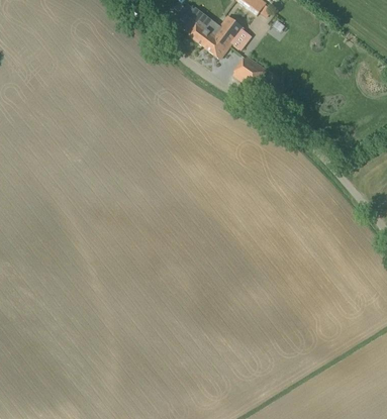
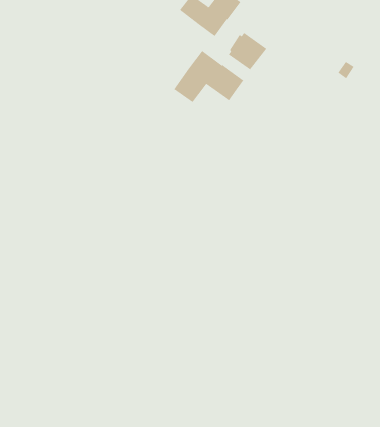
building: none -> [173,50,244,103]

